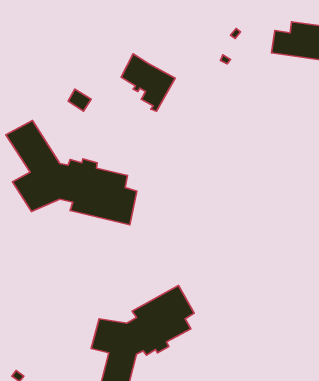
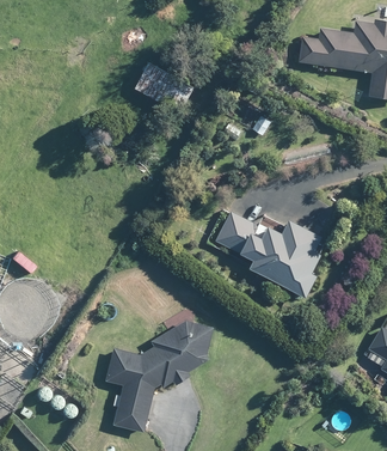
building: [6,121,137,225] -> none
building: none -> [216,209,324,297]

